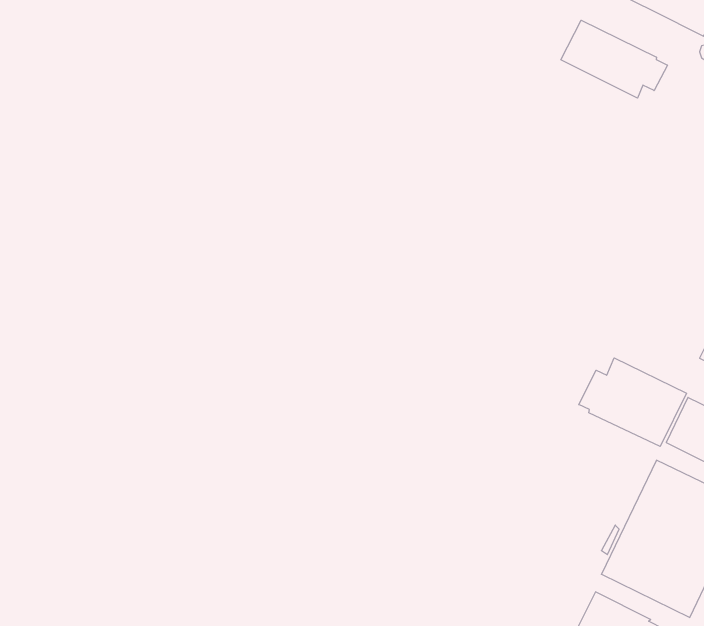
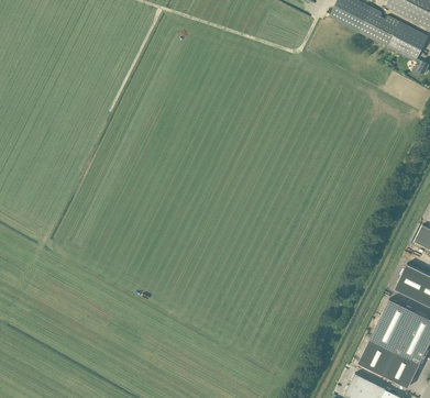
building: [561,20,667,98] -> none
building: [579,358,686,446] -> none

